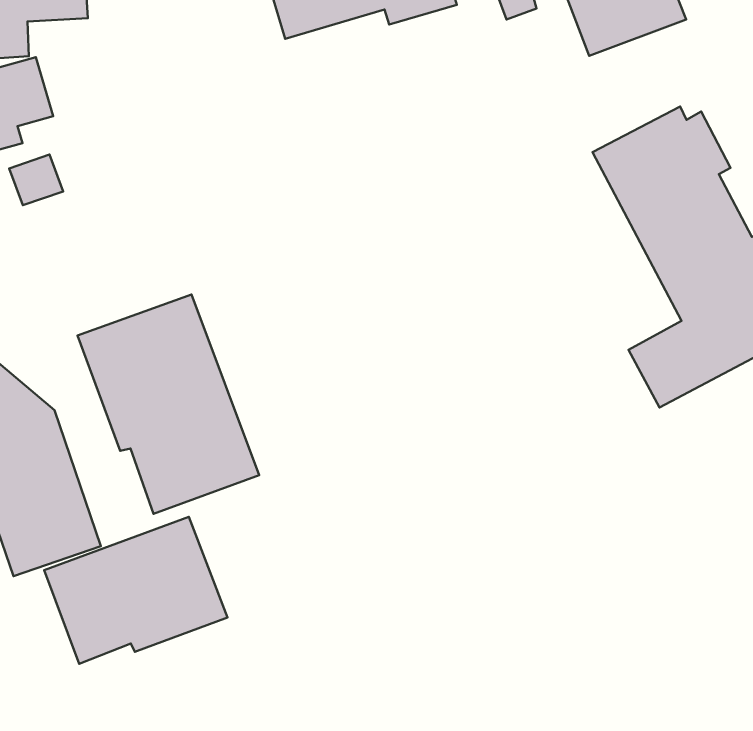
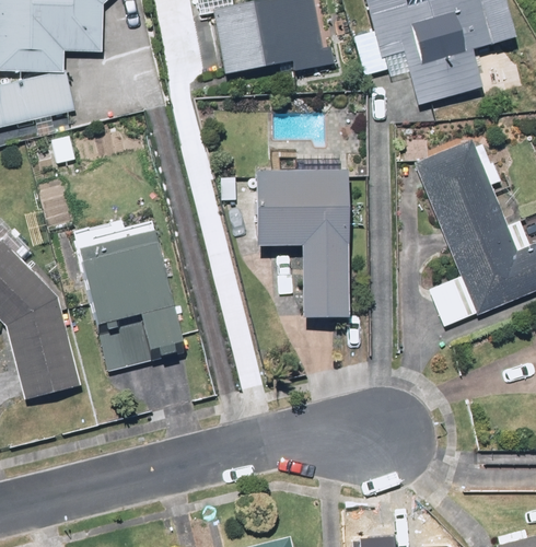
building: none -> [250,167,350,317]
building: [44,517,227,664] -> none

